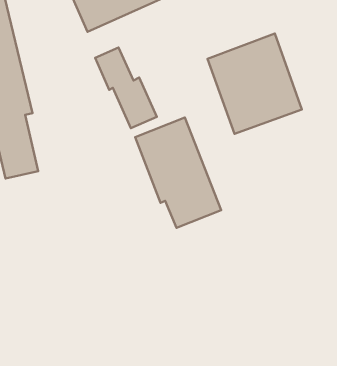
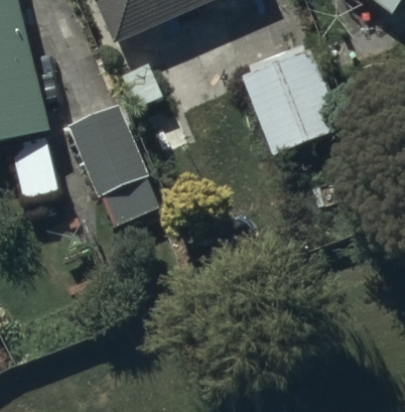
building: [135,118,221,228] -> [67,103,160,222]

